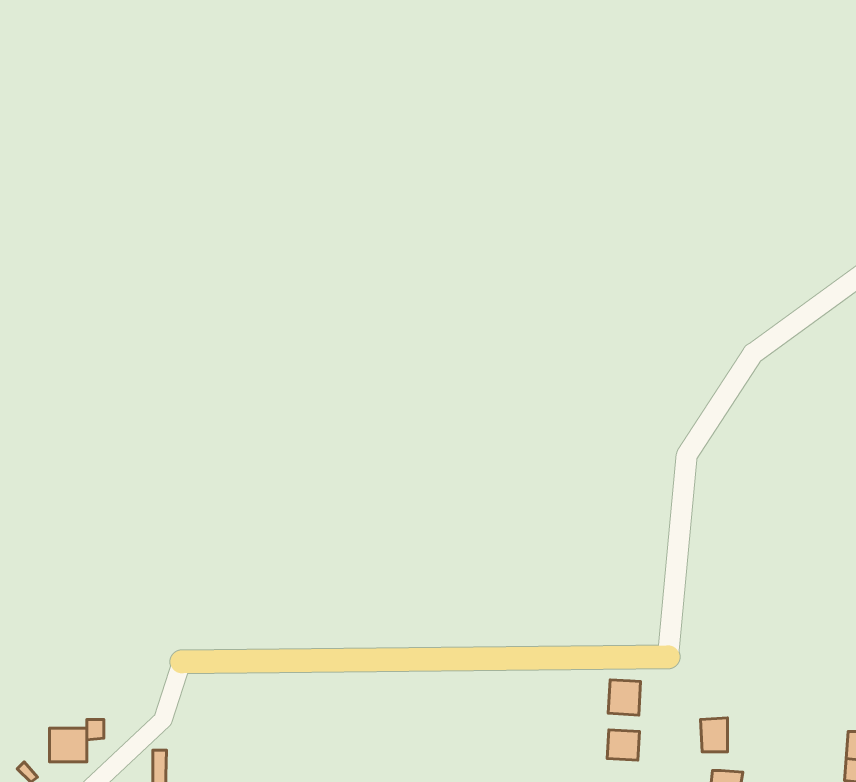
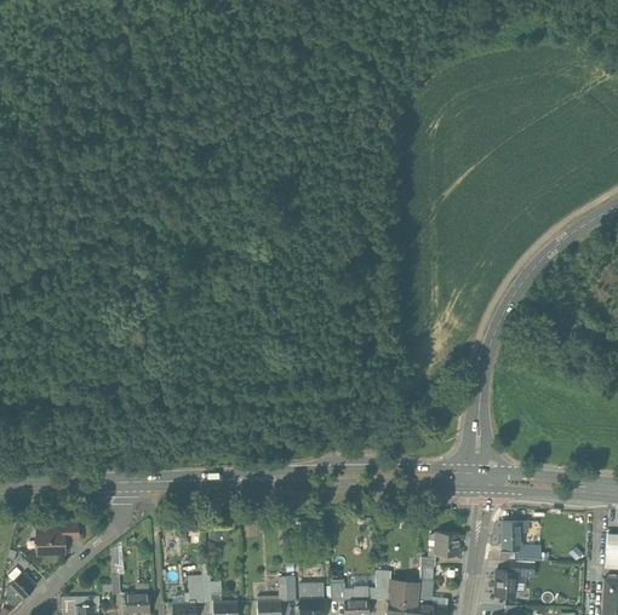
building: [608,680,641,715] -> none

